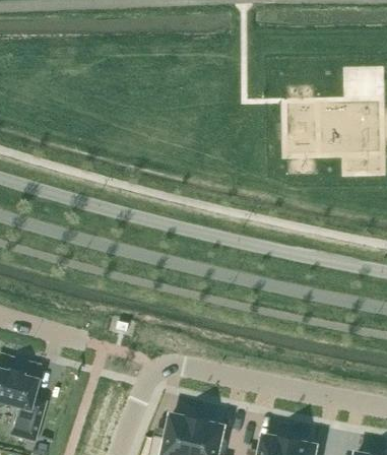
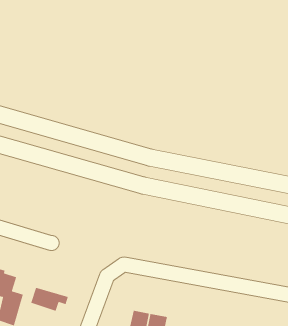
building: none -> [30,287,69,312]

